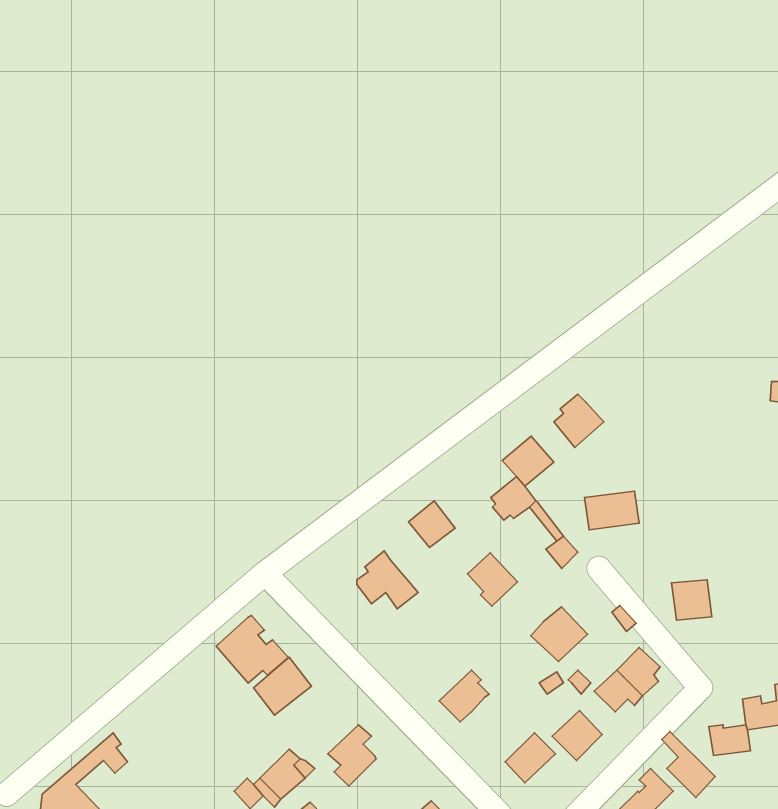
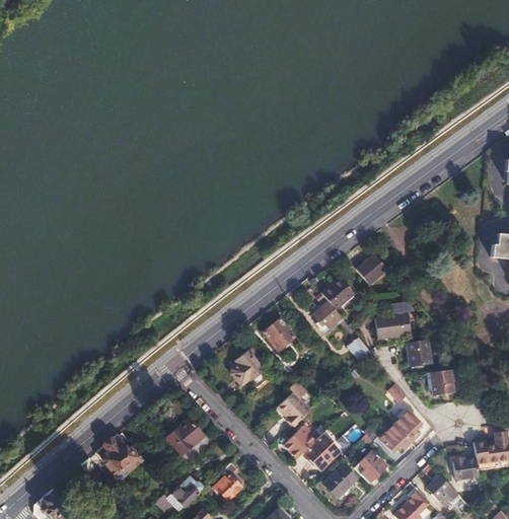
building: none -> [407,339,431,366]
building: [467,553,518,606] -> [278,392,309,426]
building: [531,607,587,662] -> [303,434,339,468]
building: [216,616,289,683] -> [94,433,140,475]

